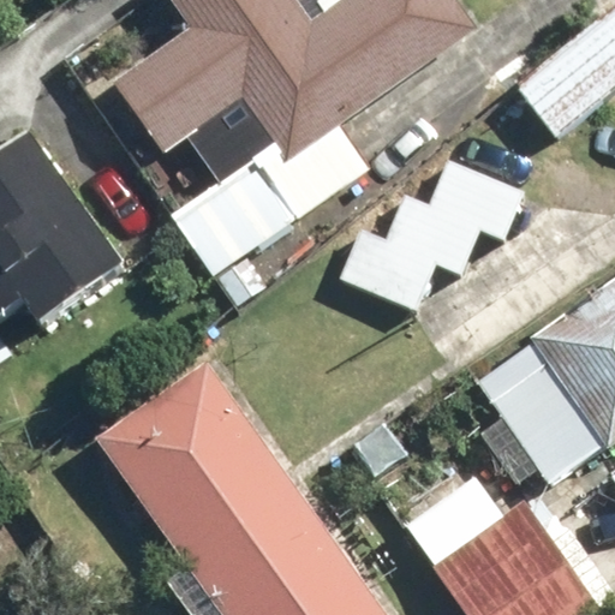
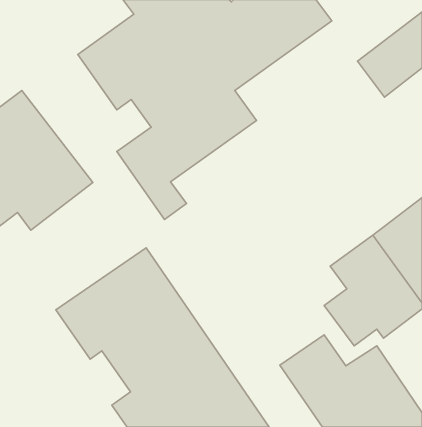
building: [335,160,523,316] -> none

